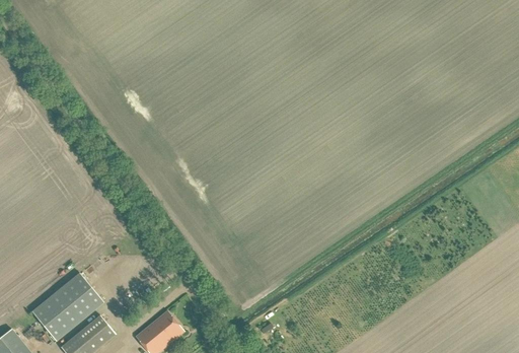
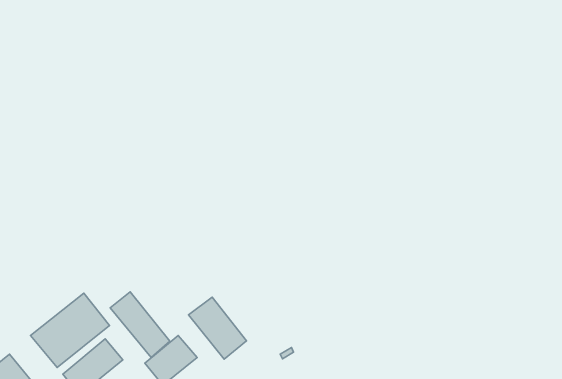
building: none -> [110,292,170,357]
building: none -> [188,297,246,359]

